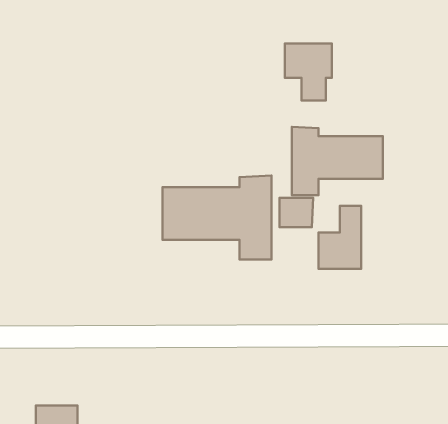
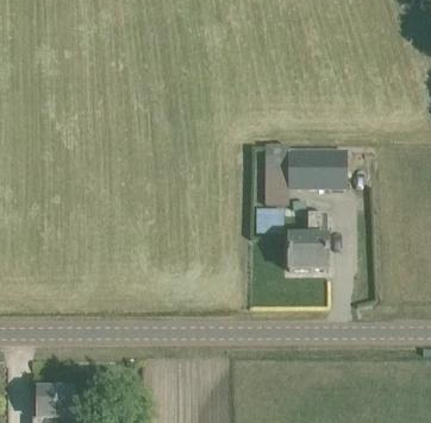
building: [285,44,332,101] -> none
building: [162,176,271,260] -> none

